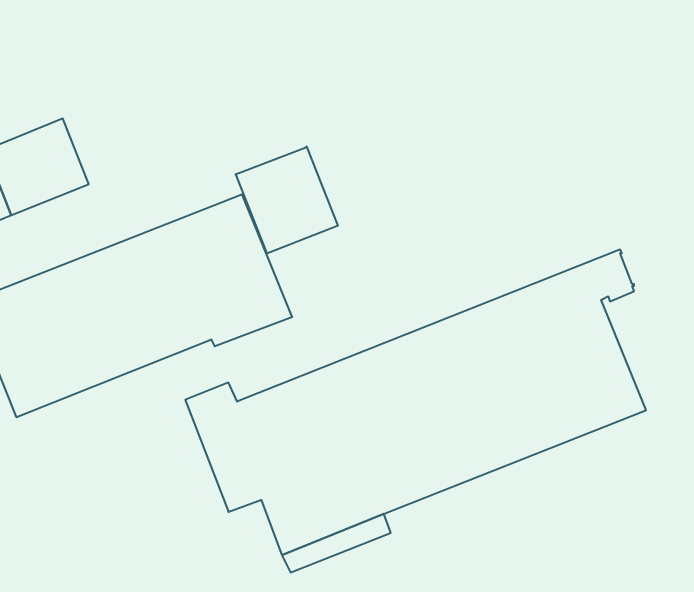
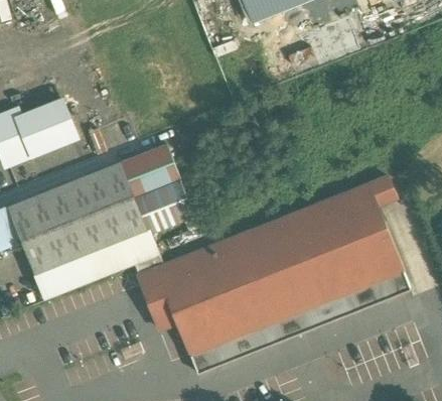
building: [236,146,338,254] -> none
building: none -> [34,229,158,299]

